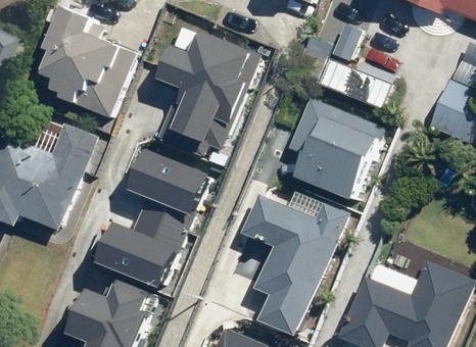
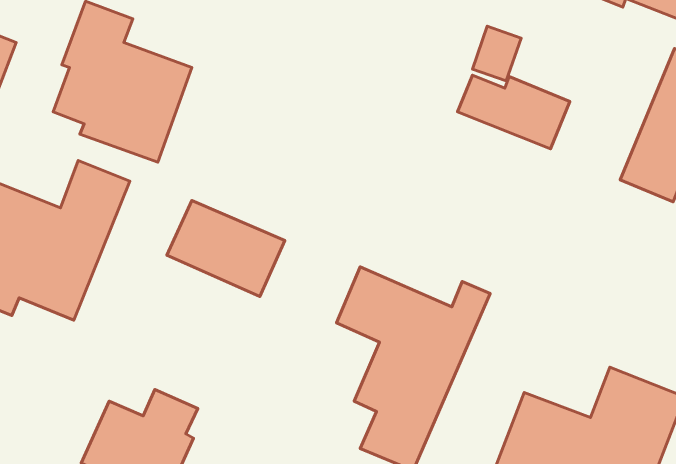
building: [152,28,259,154] -> none
building: [287,97,377,196] -> none
building: [92,199,184,288] -> none

